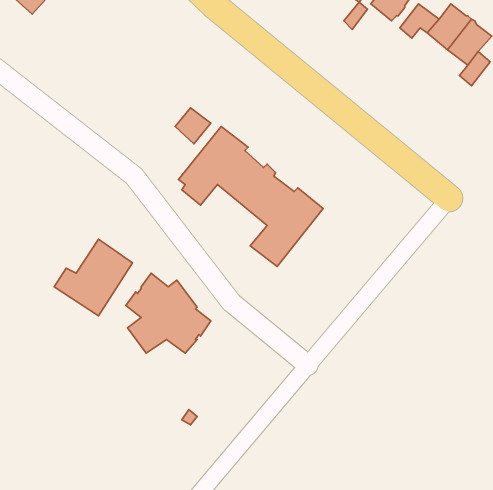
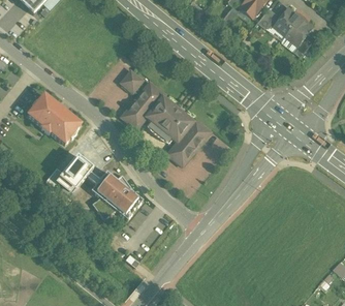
building: none -> [26,93,80,144]

